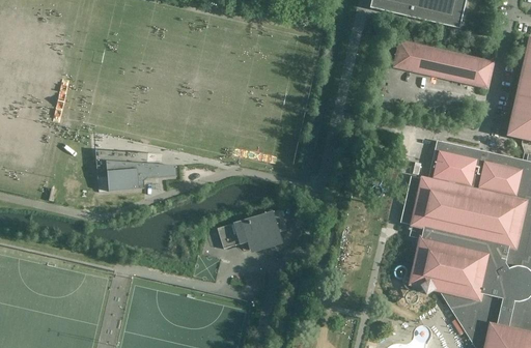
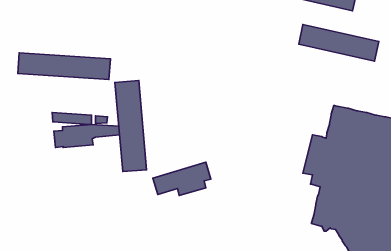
building: none -> [18,53,110,79]
building: none -> [115,81,147,172]

